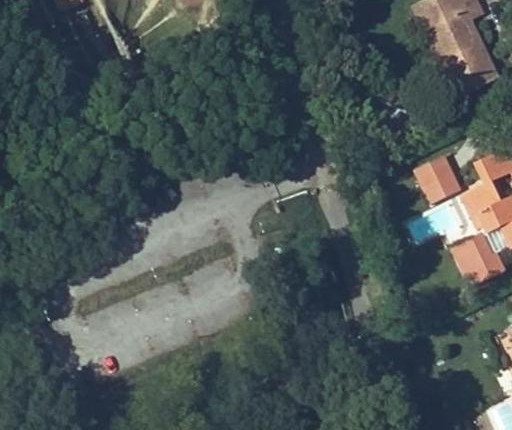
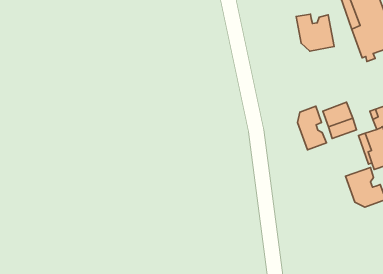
building: none -> [296,14,334,51]
building: none -> [297,106,326,150]

